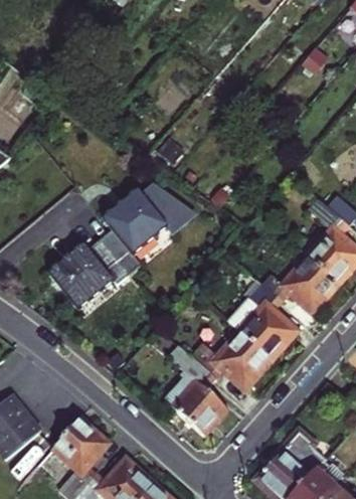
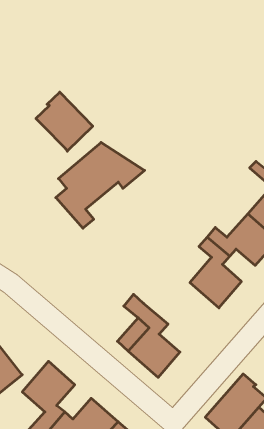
building: none -> [36,92,93,151]
building: [41,237,121,311] -> none
building: [188,332,272,389] -> none

